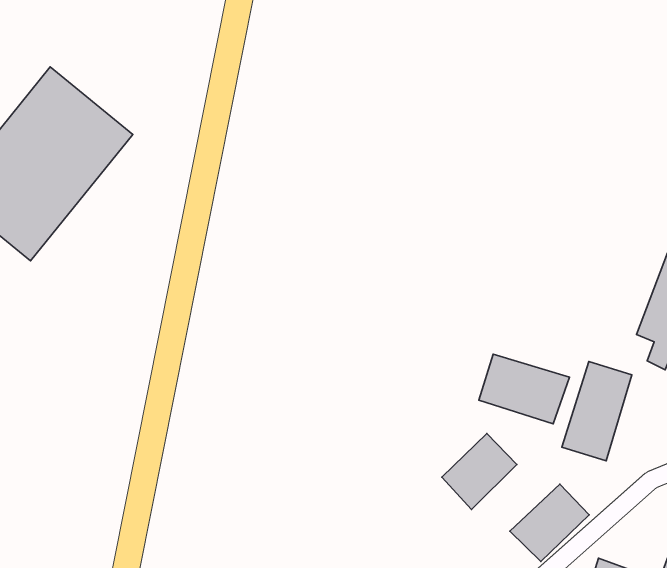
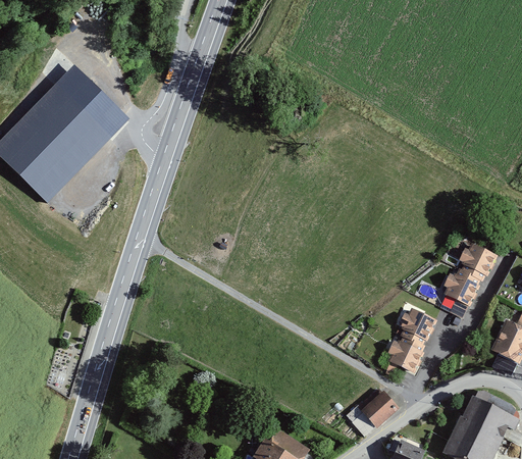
building: [479,354,569,424] -> none
building: [442,433,517,509] -> none

